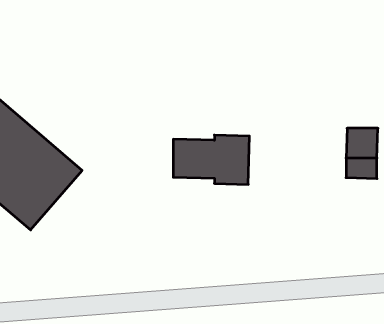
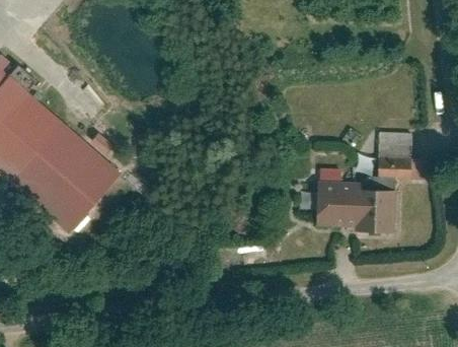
building: [173,135,249,184] -> [318,183,393,231]

